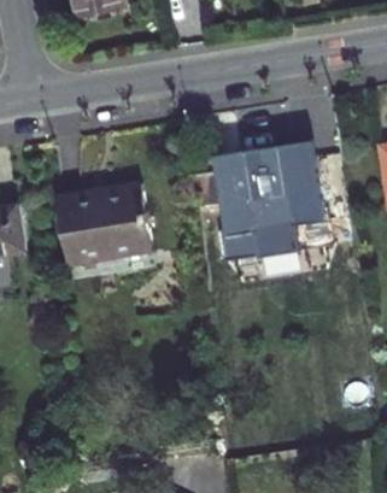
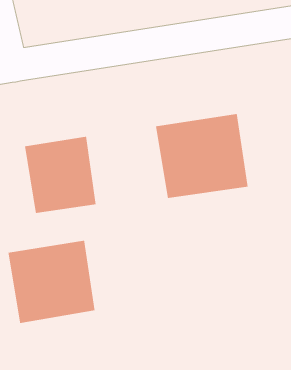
building: none -> [8,240,95,324]

